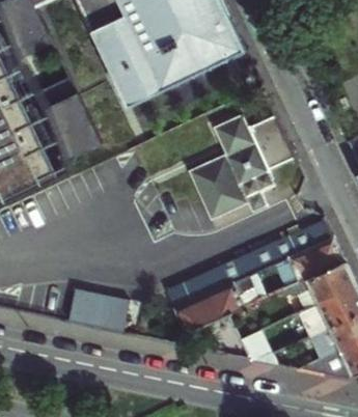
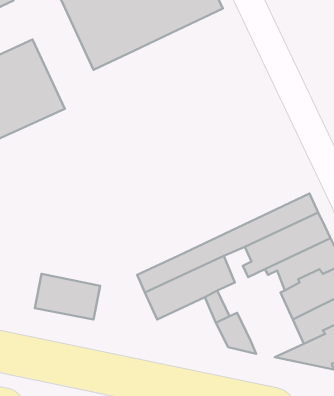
building: [186,114,294,219] -> none

